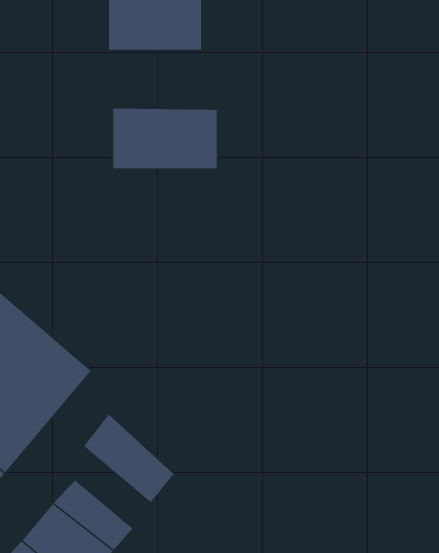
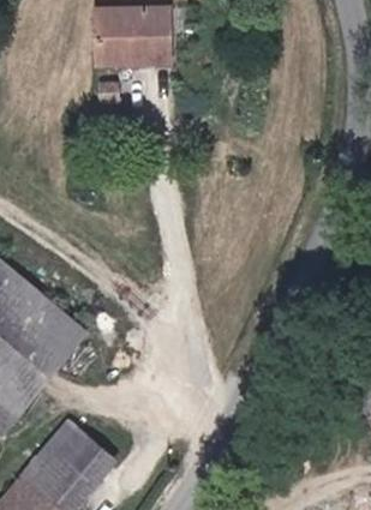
building: [112,108,217,169] -> none
building: [83,413,175,503] -> none

